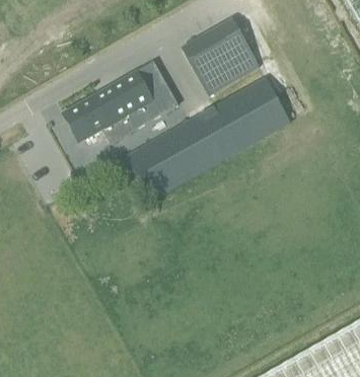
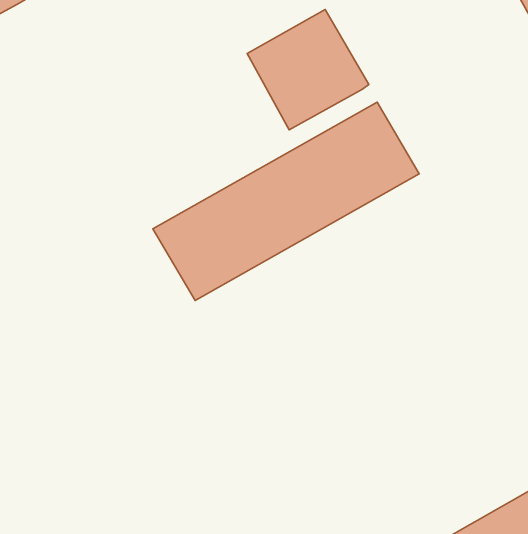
building: [63,61,177,141] -> none

